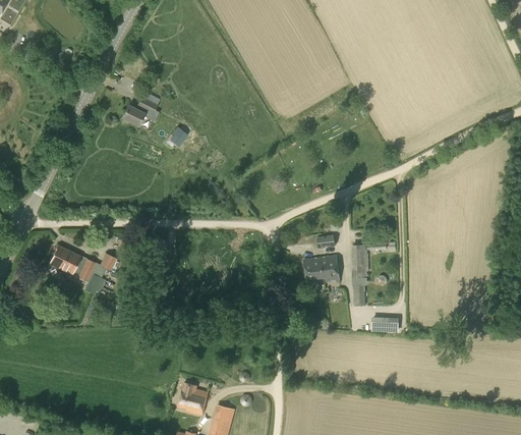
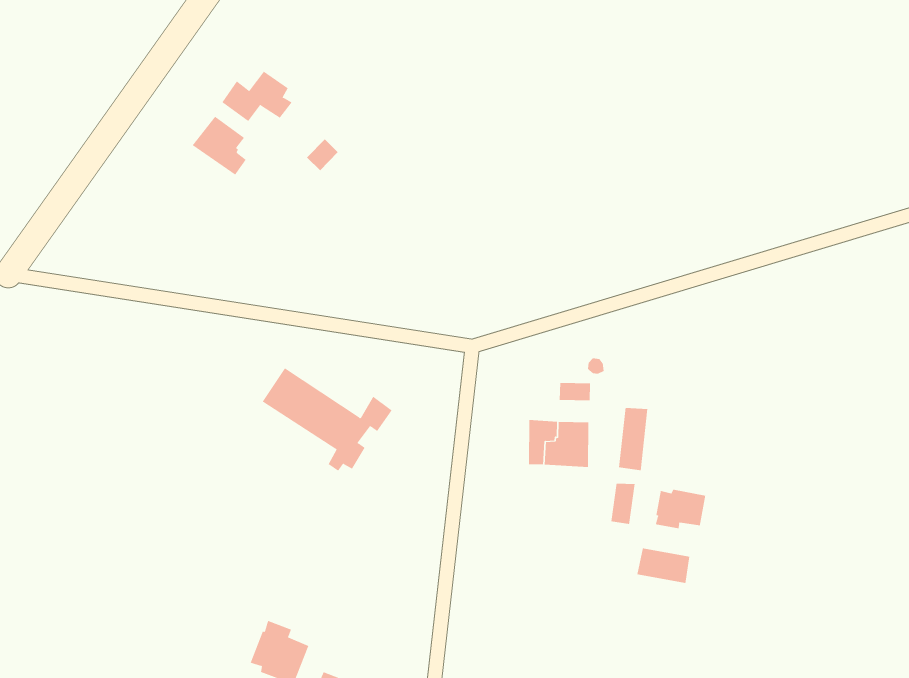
building: none -> [192,116,246,176]
building: [48,244,116,294] -> [262,367,393,472]
building: none -> [655,489,706,529]

